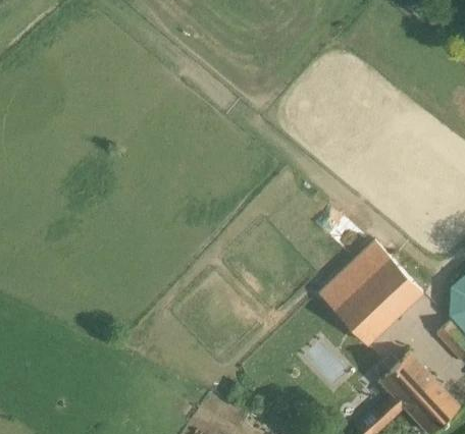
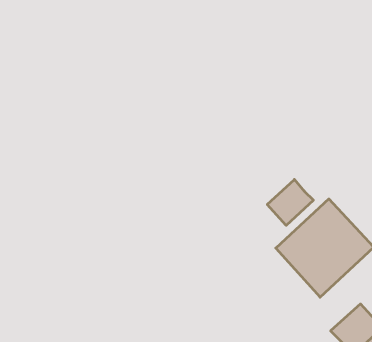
building: none -> [267,179,313,225]

